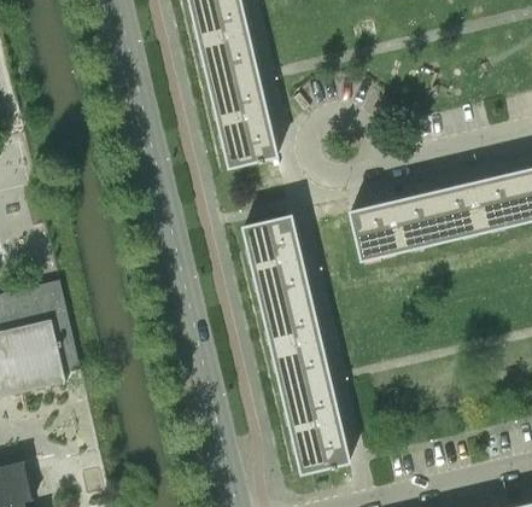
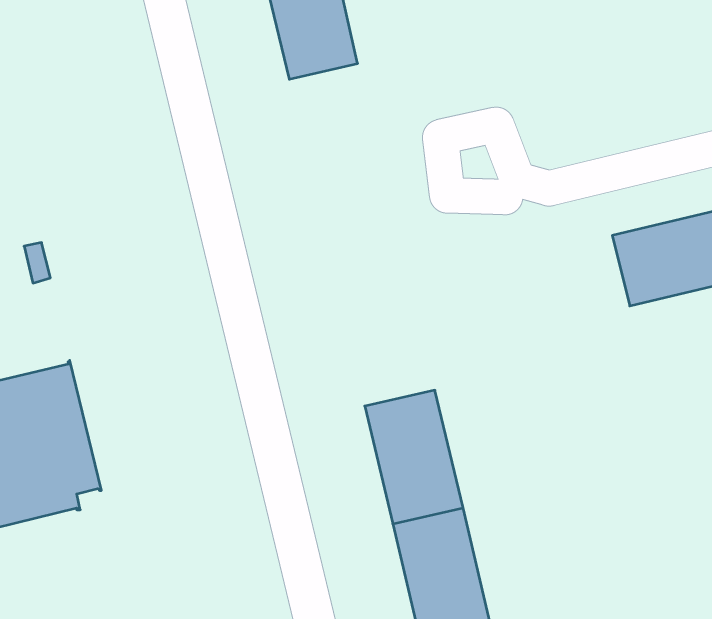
building: [209,74,275,167] -> none
building: [349,192,443,260] -> none
building: [241,215,309,309] -> none

